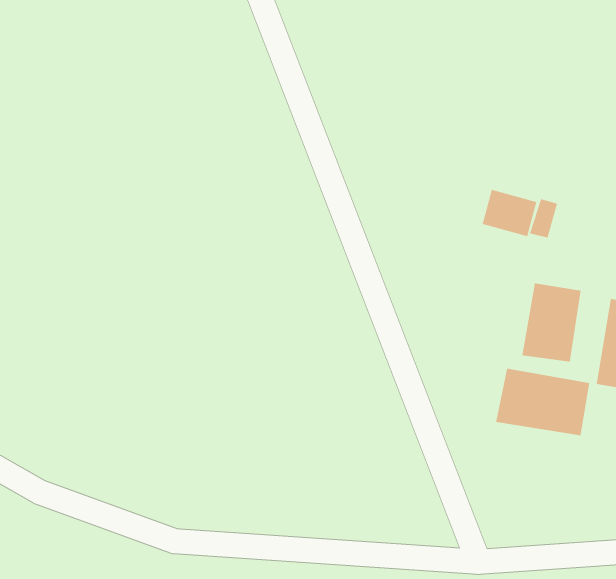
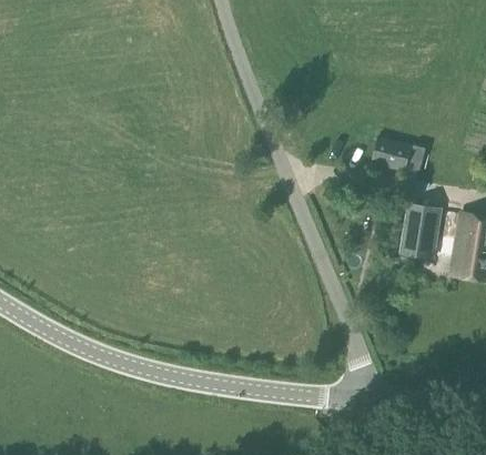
building: [496,368,590,436] -> none

